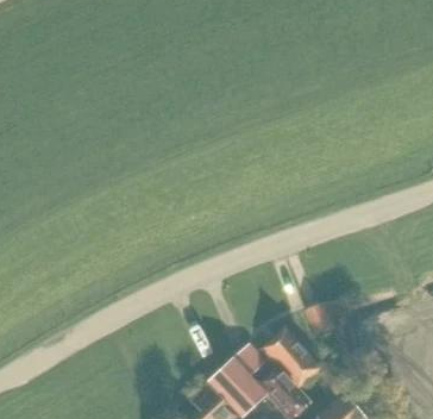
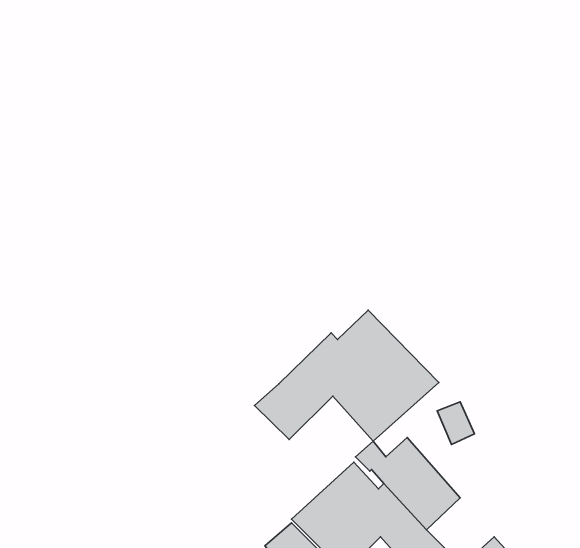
building: none -> [255,310,439,441]

